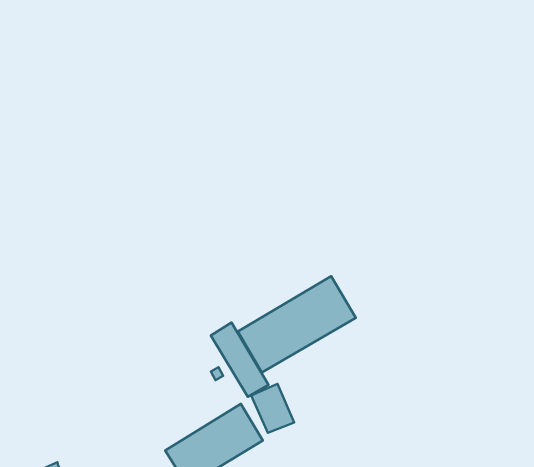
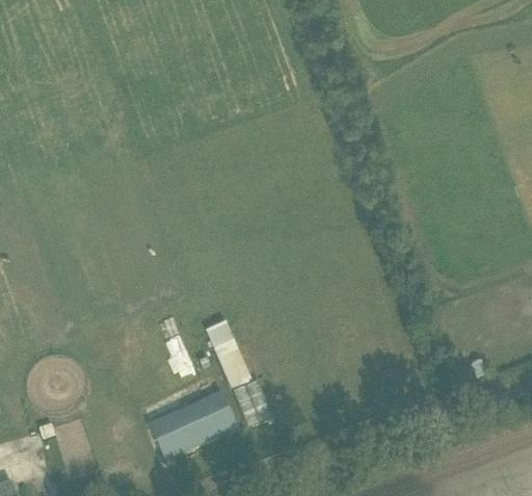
building: [238,276,356,372] -> none

